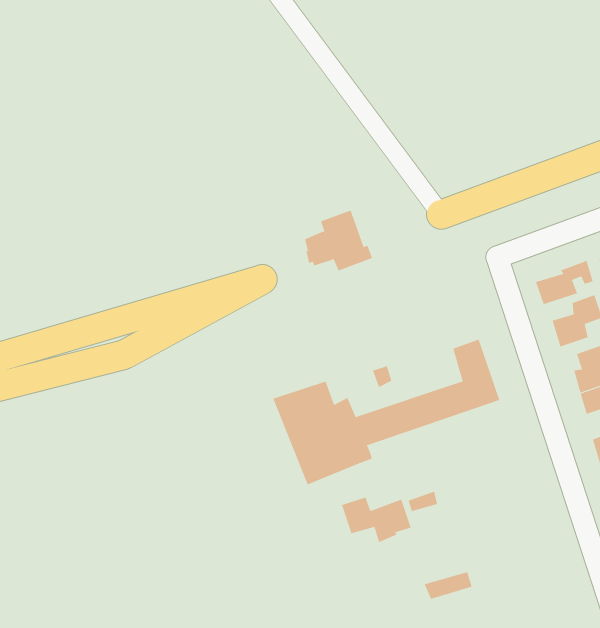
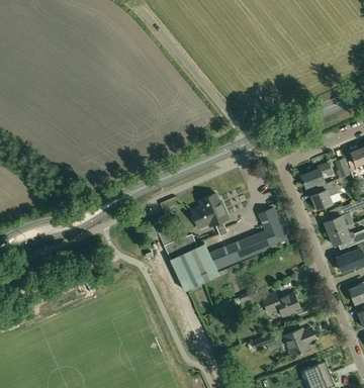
building: [304,210,373,271] -> [191,194,229,227]
building: [341,497,411,543] -> [262,293,300,317]
building: none -> [282,328,316,356]

